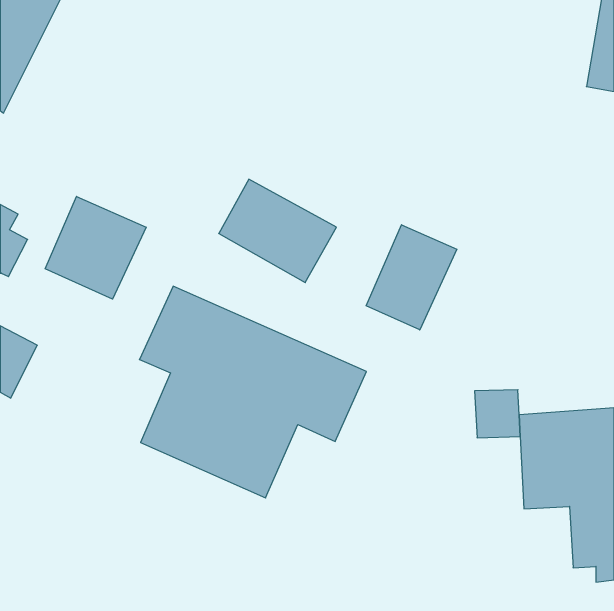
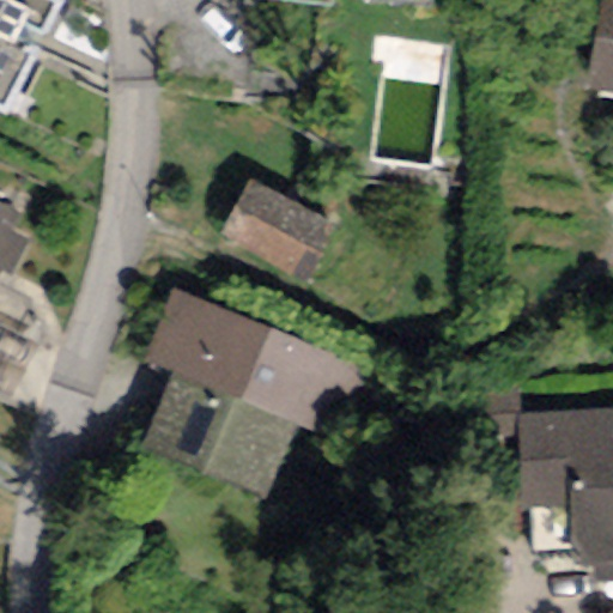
building: [45,196,146,299] -> none
building: [366,225,457,330] -> none

